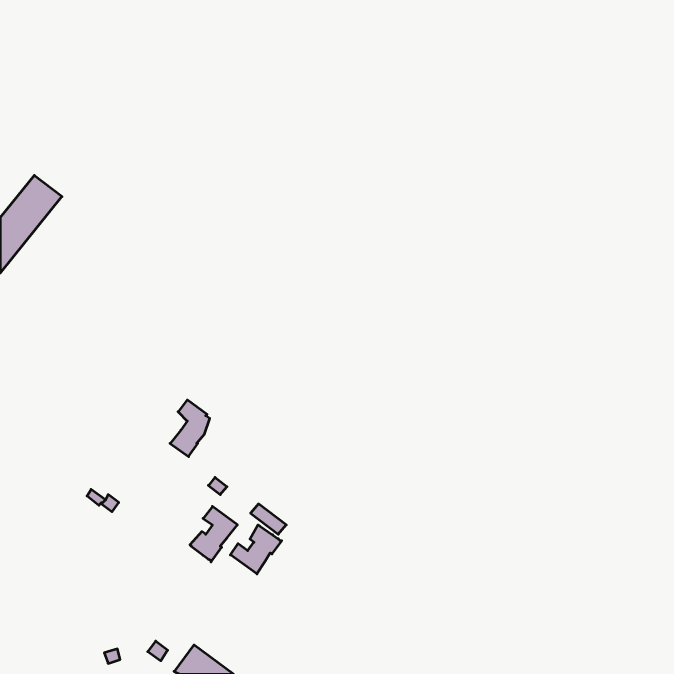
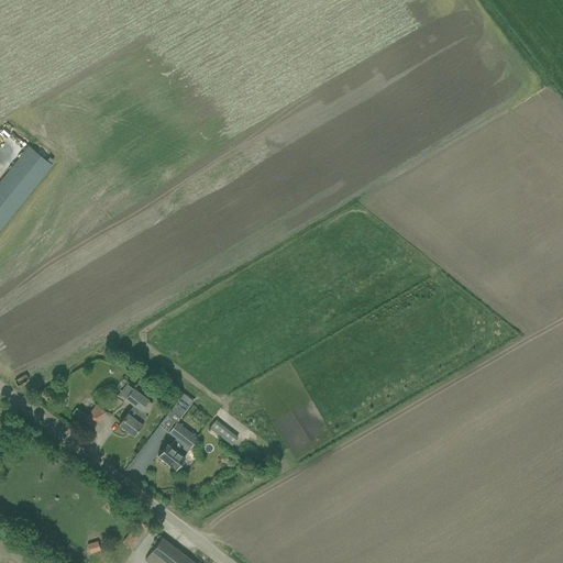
building: [170,400,210,457] -> [119,388,152,435]
building: [230,525,282,574] -> none

